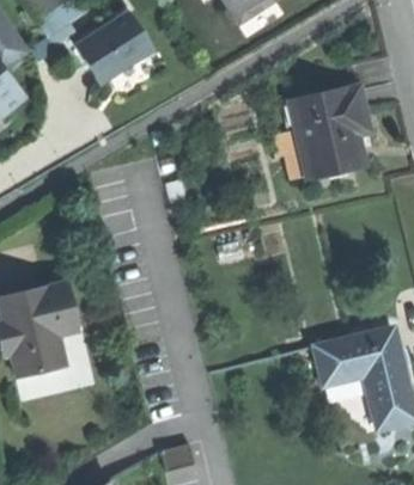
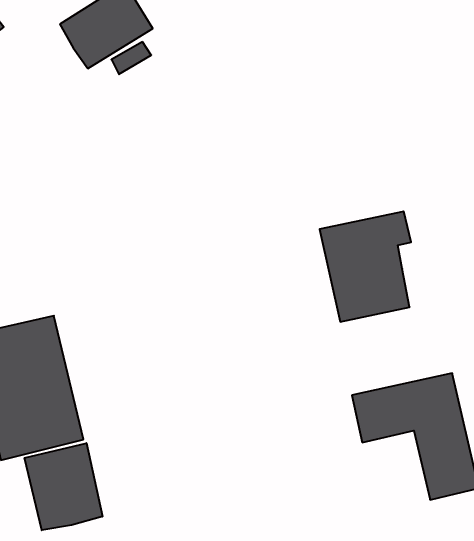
building: [290,85,364,174] -> [320,211,411,322]
building: none -> [25,443,102,530]

